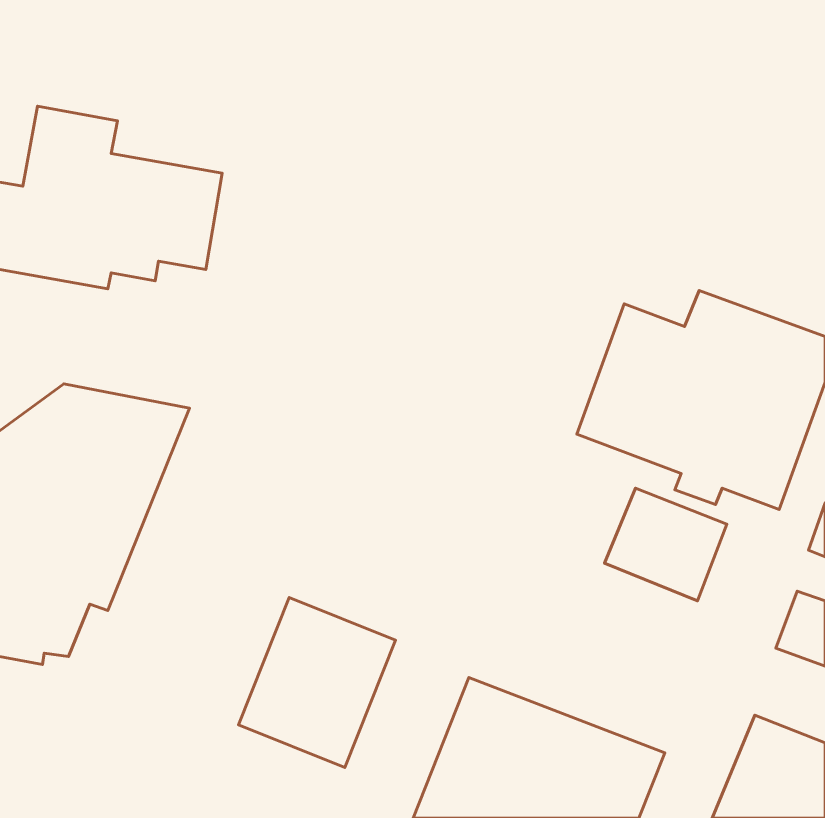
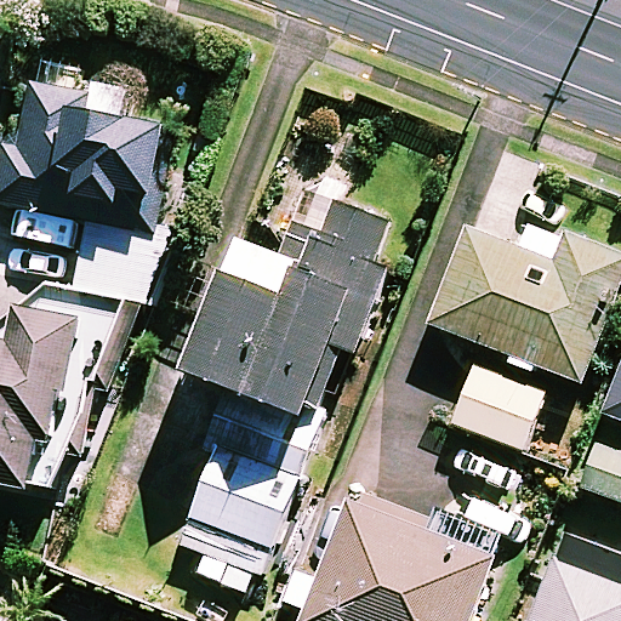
building: none -> [184,204,398,420]

